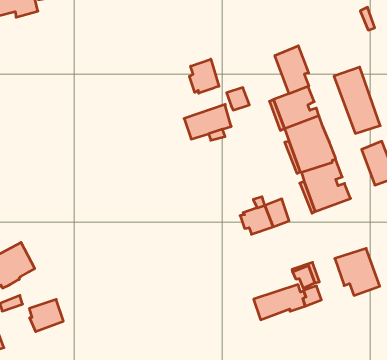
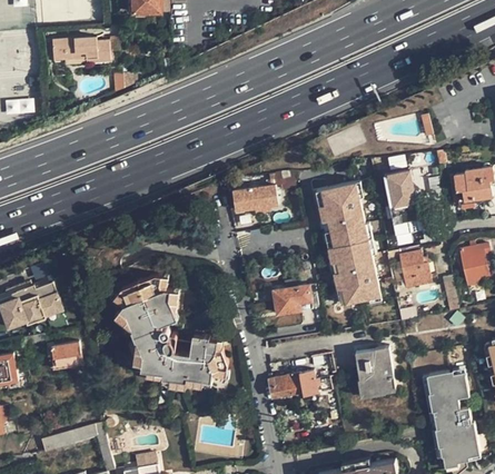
building: [275,46,309,94] -> none
building: [189,59,219,93] -> none
building: none -> [118,274,227,381]

